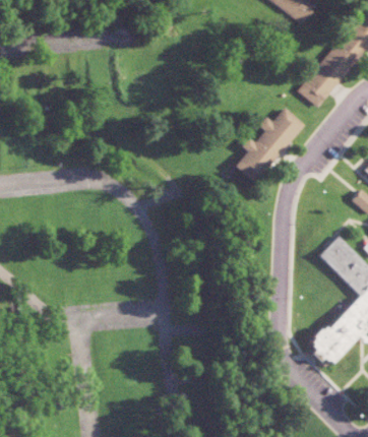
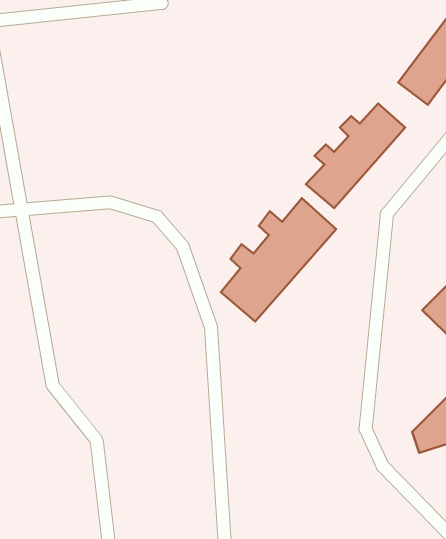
building: none -> [221,198,336,322]

